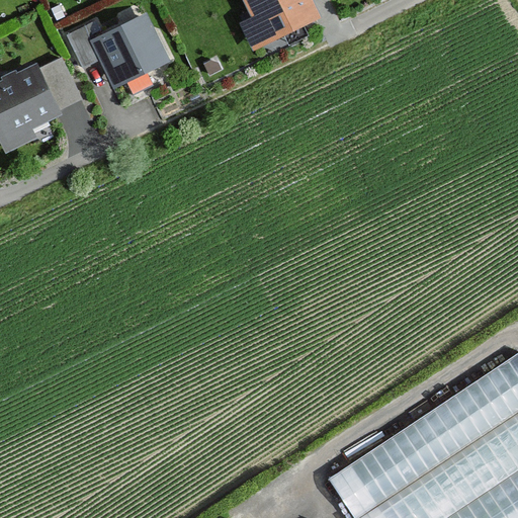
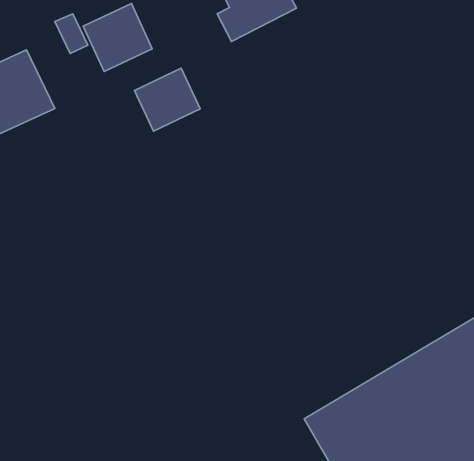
building: [41,60,81,110] -> none
building: none -> [134,68,200,131]

